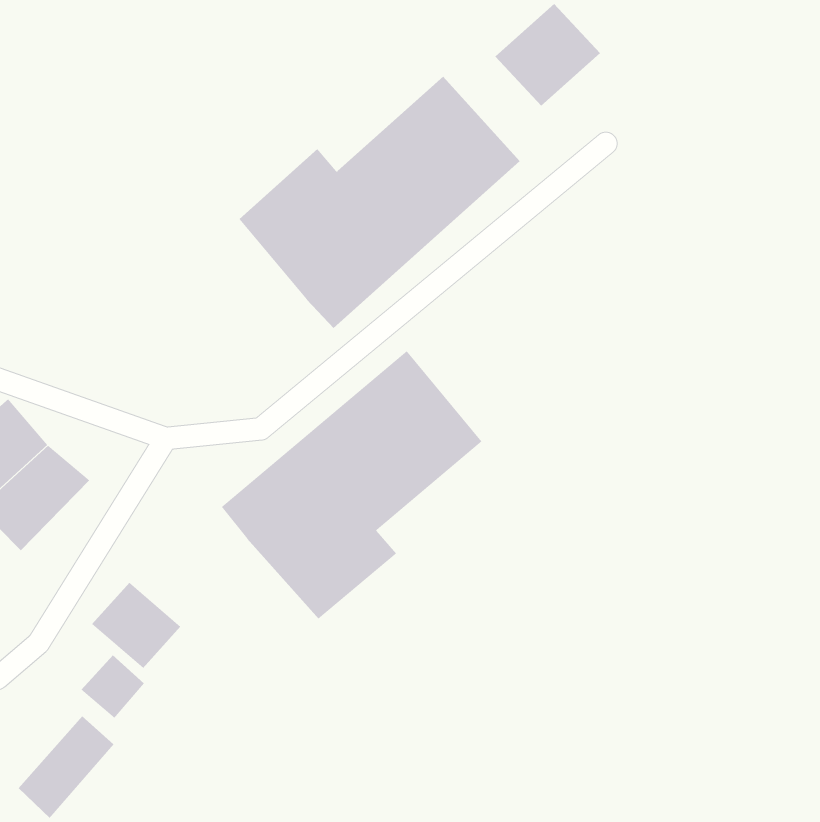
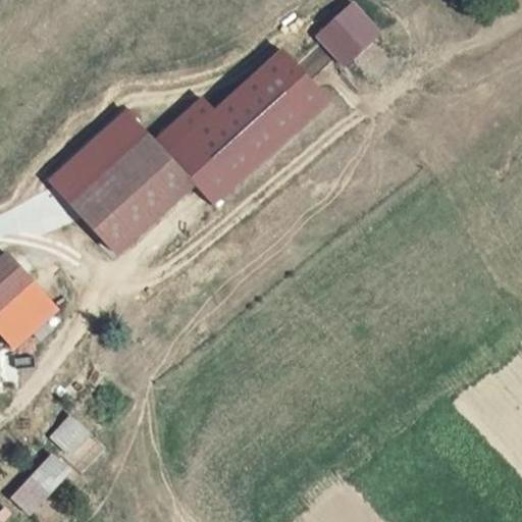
building: none -> [49,108,194,255]
building: [221,350,483,620] -> none
building: [91,582,181,669] -> none

